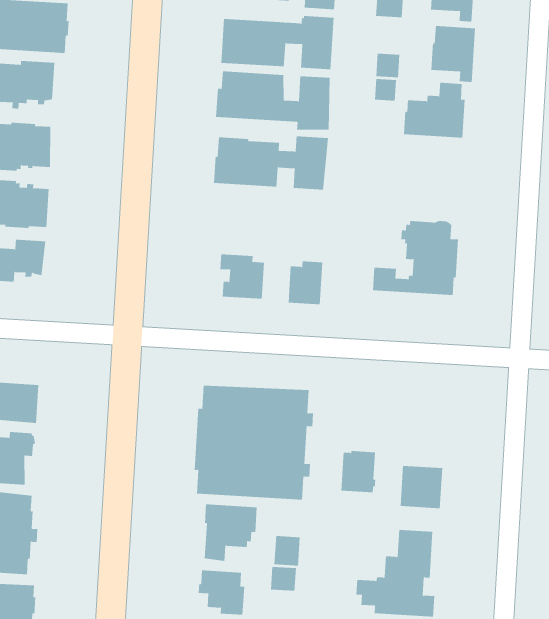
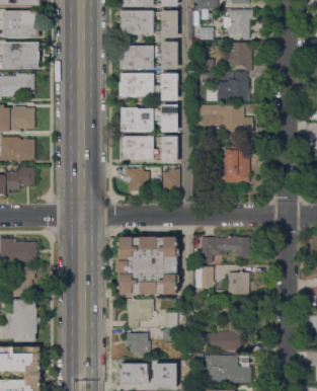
building: none -> [197,104,252,132]
building: none -> [120,136,177,163]
building: none -> [201,236,249,262]

